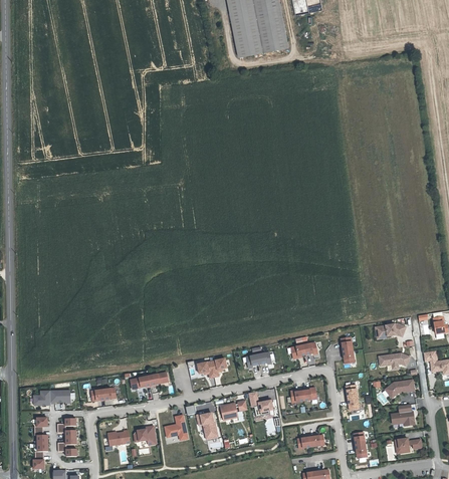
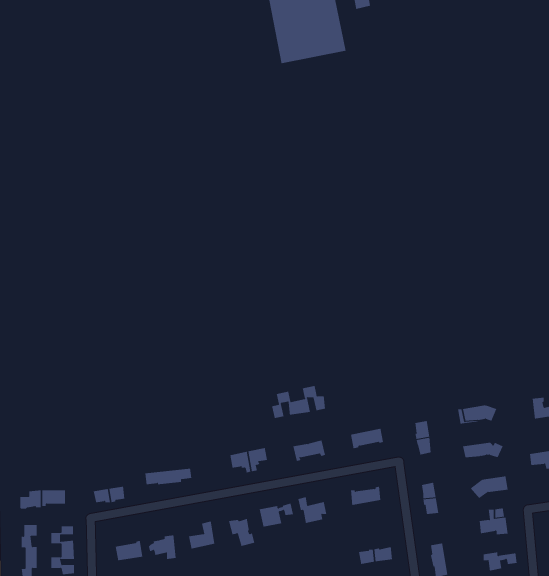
building: none -> [272,385,326,419]

